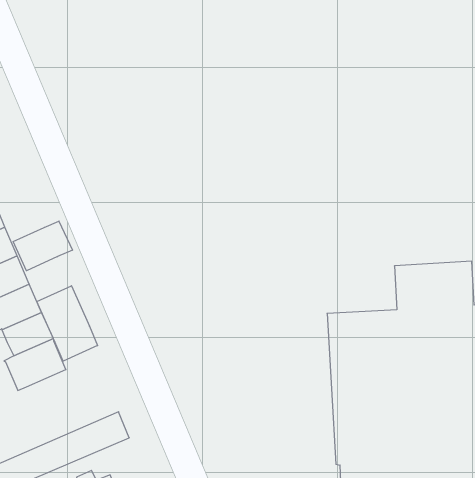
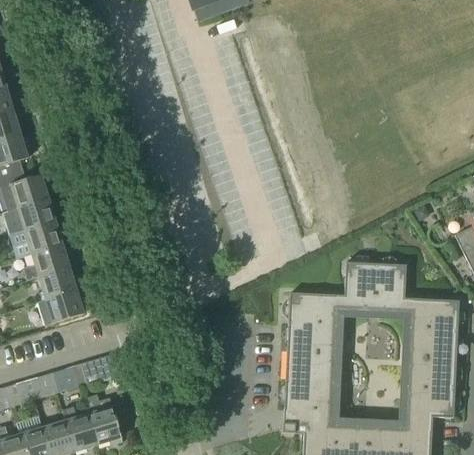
building: [13,221,72,271] -> none
building: [37,286,98,361] -> none

